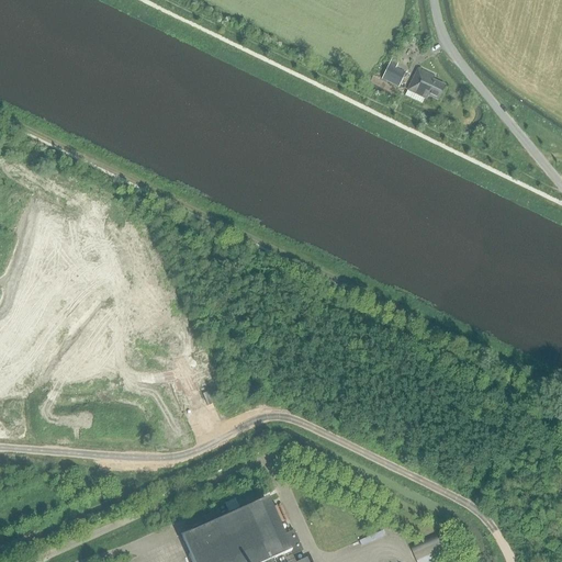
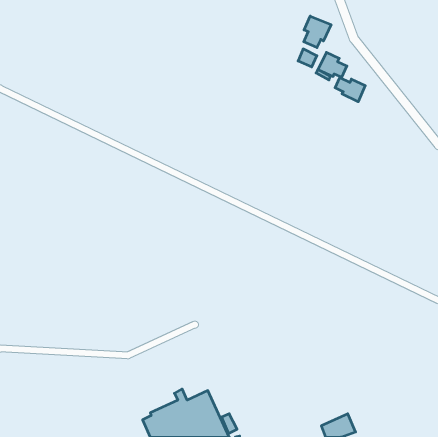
building: none -> [304,16,331,48]
building: none -> [335,78,365,102]

